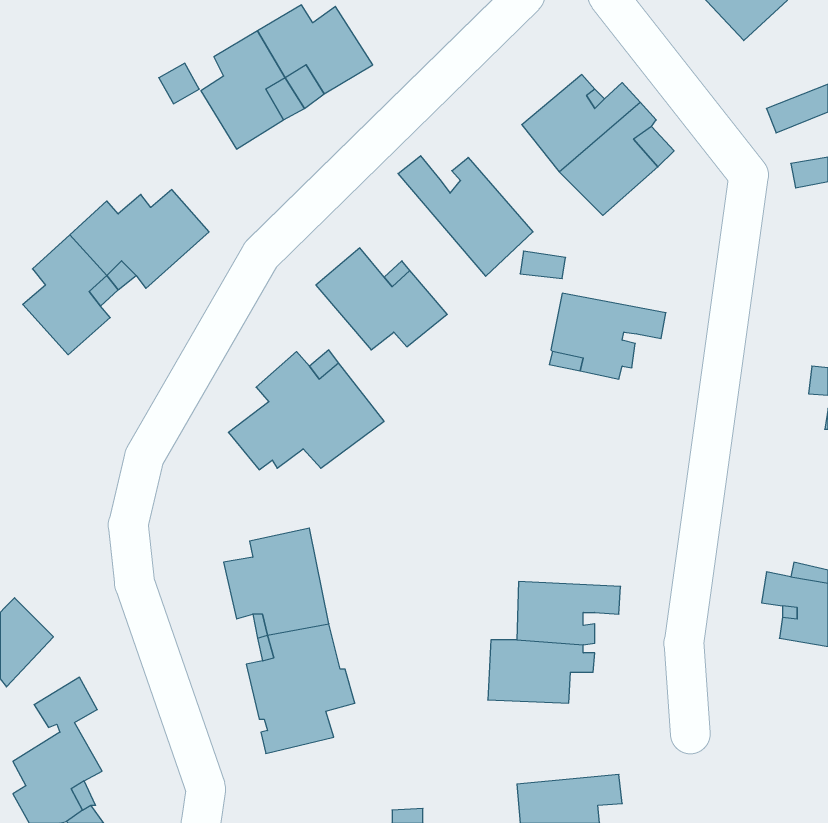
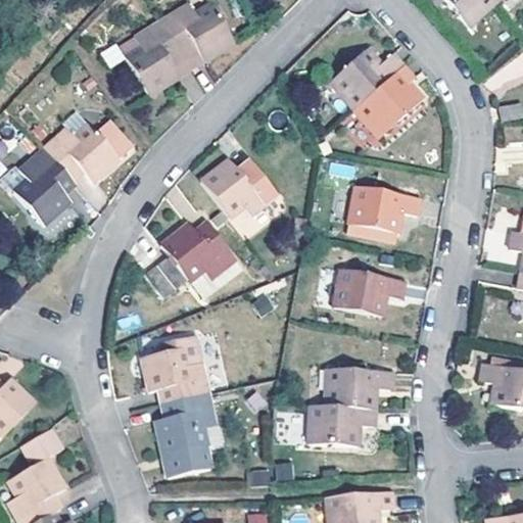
building: [398,156,533,276] -> none
building: none -> [333,267,405,315]

